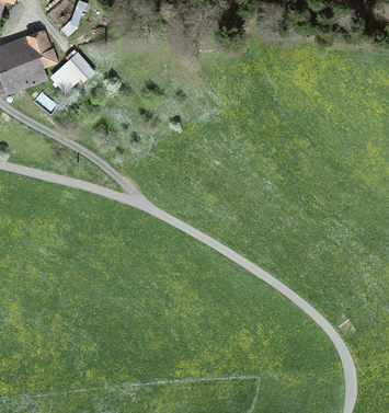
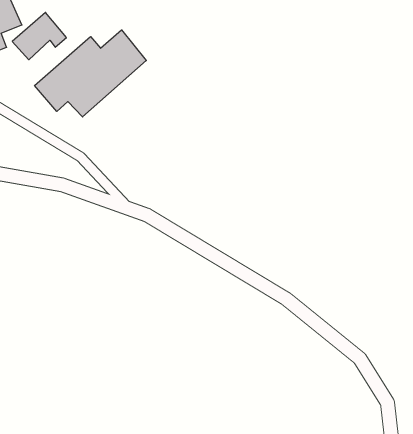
building: none -> [35,30,146,117]

